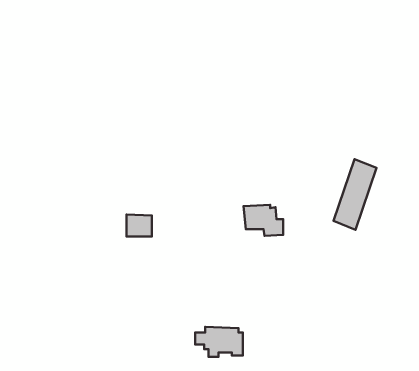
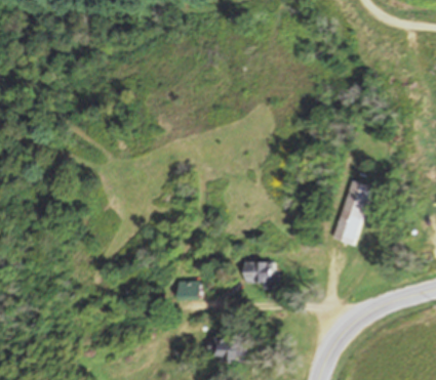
building: [243,205,283,236] -> [245,261,282,290]
building: [127,214,152,236] -> [177,280,201,300]

